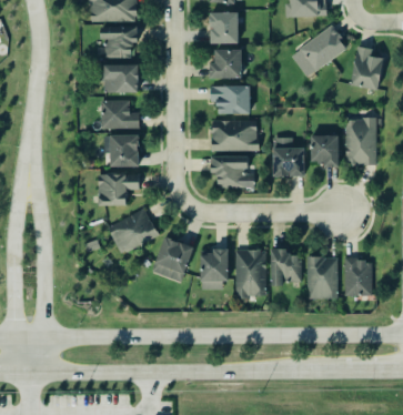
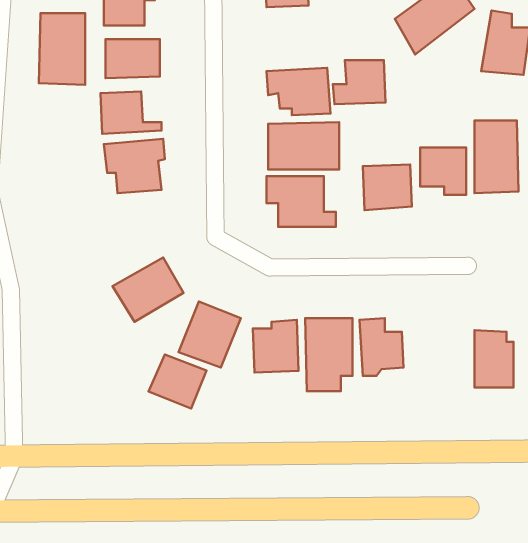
building: none -> [39,13,85,85]
building: [209,51,243,80] -> [333,60,385,104]
building: [100,174,139,202] -> none
building: [308,256,339,298] -> none
building: none -> [149,354,206,409]

